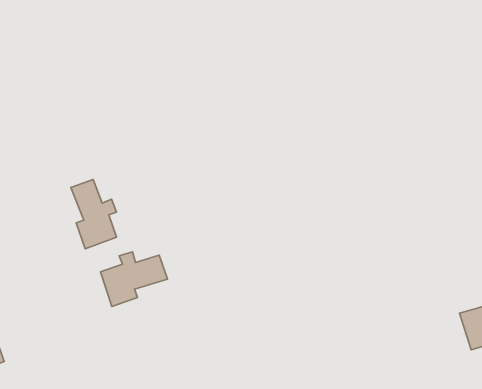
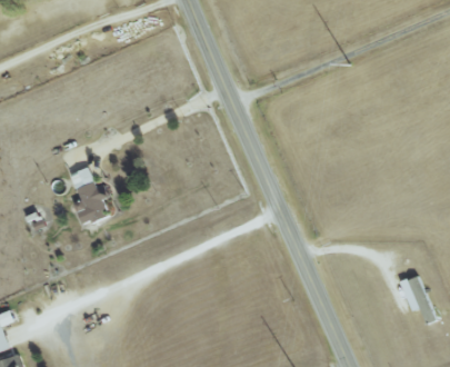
building: [100,252,168,306] -> none

